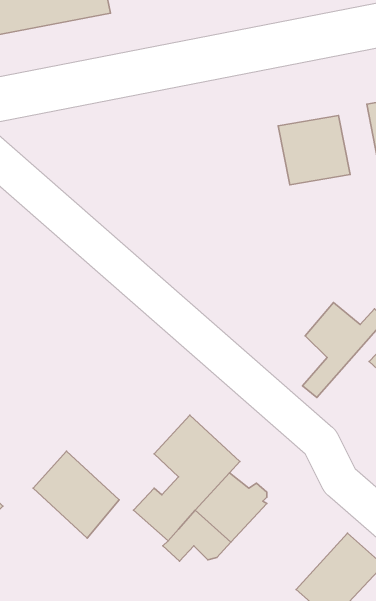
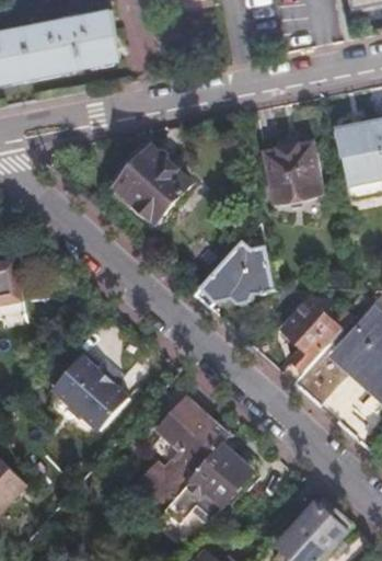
building: none -> [114,149,189,224]
building: none -> [199,241,271,304]
building: [33,451,119,538] -> [50,355,124,430]

